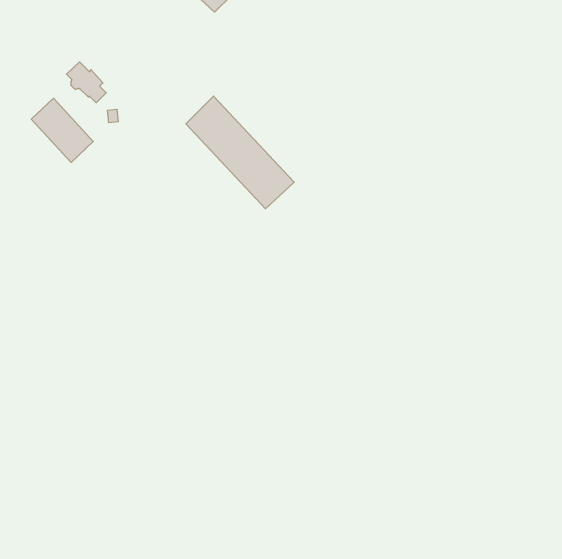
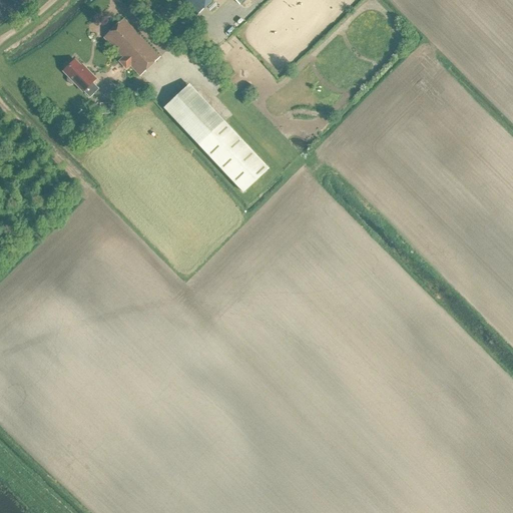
building: [31,98,93,162] -> [101,14,157,72]

